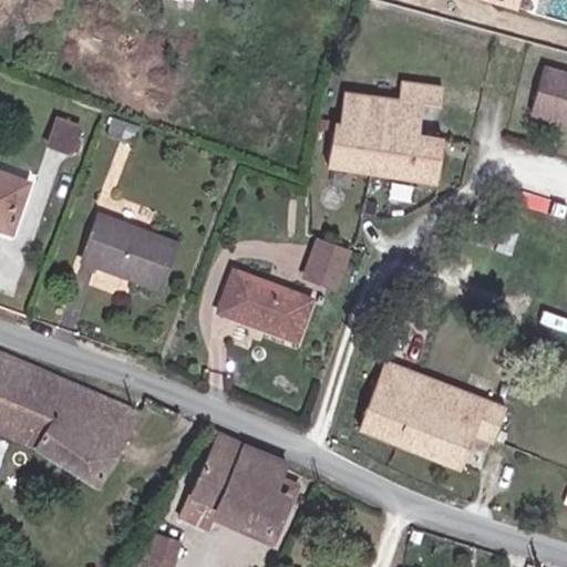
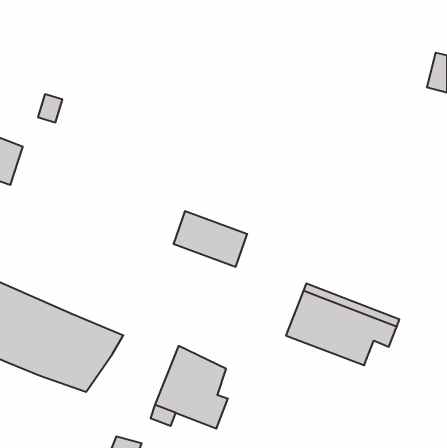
building: [333,80,457,185] -> none
building: [82,215,174,286] -> none
building: [305,233,348,280] -> none

